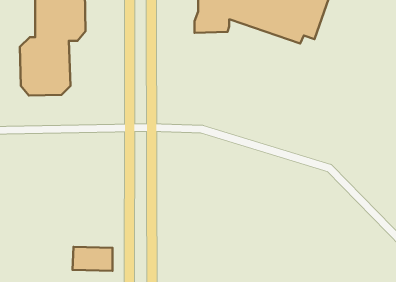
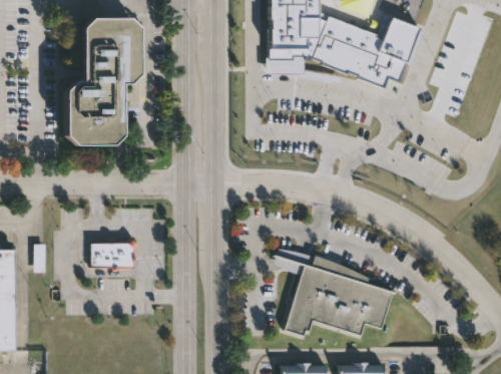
building: none -> [276,248,392,338]
building: [72,247,112,271] -> [90,242,135,269]

